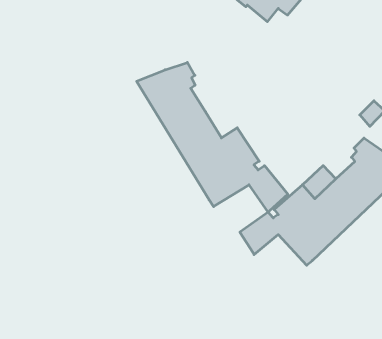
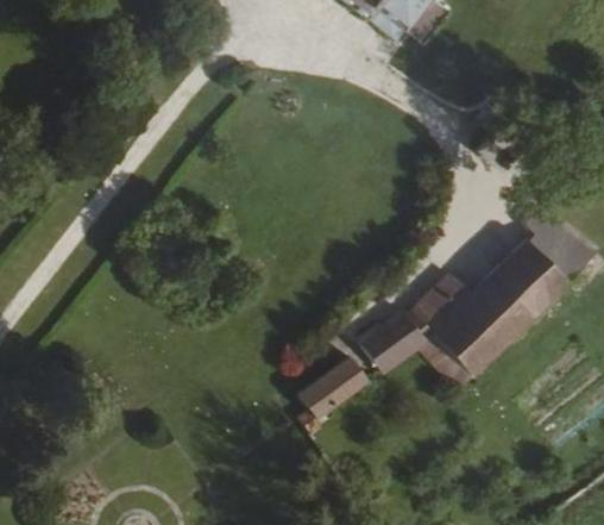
building: [137,62,288,212] -> none
building: none -> [297,355,367,420]

